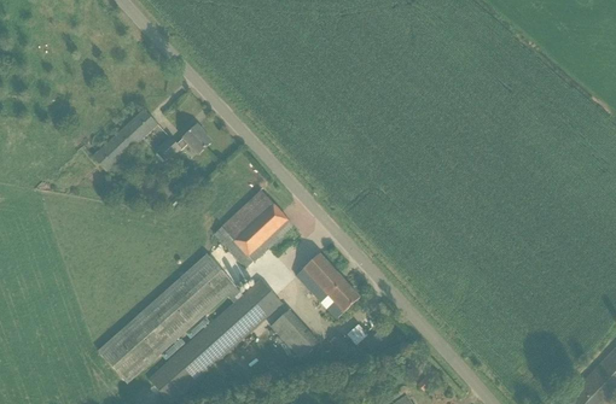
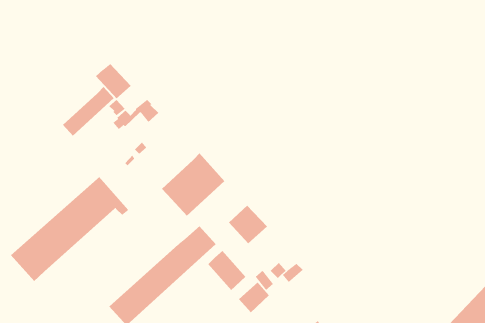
building: none -> [95,63,131,99]
building: [98,252,243,381] -> [10,176,129,282]
building: [320,279,359,317] -> [238,281,270,313]

